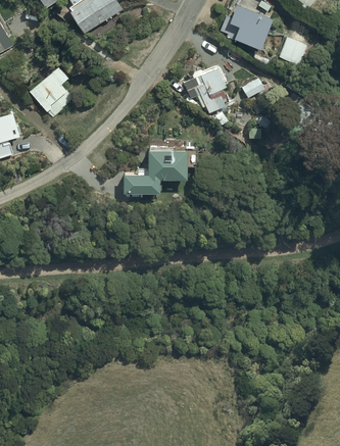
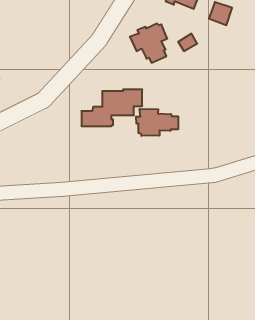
building: [29,65,75,119] -> none
building: none -> [136,109,178,136]

